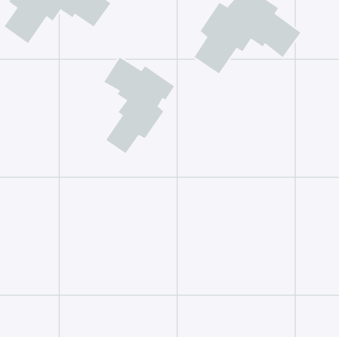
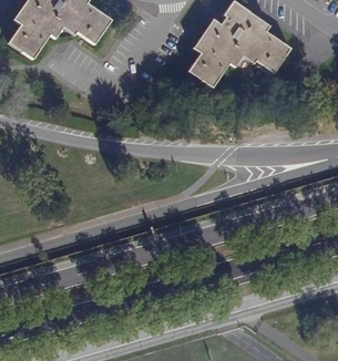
building: [103,57,175,154] -> none

